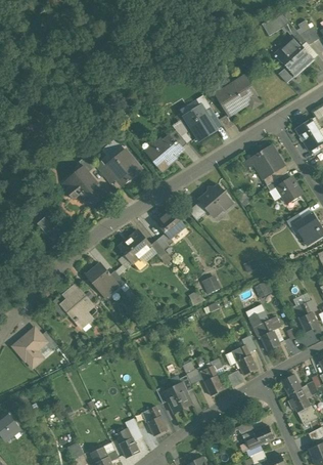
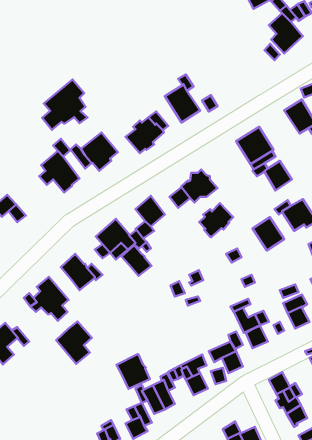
building: [218,76,261,114] -> none
building: none -> [42,80,87,130]
building: none -> [199,203,233,237]
building: none -> [253,217,284,251]
building: none -> [122,246,151,276]
building: none -> [56,321,92,364]
building: none -> [117,354,150,389]

